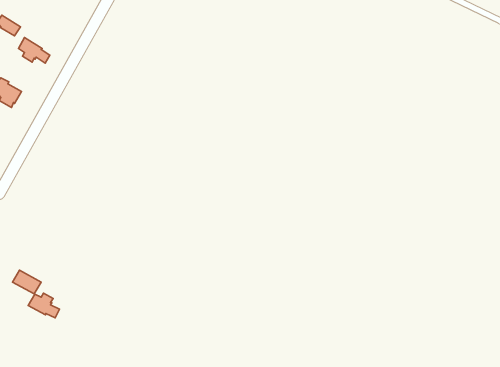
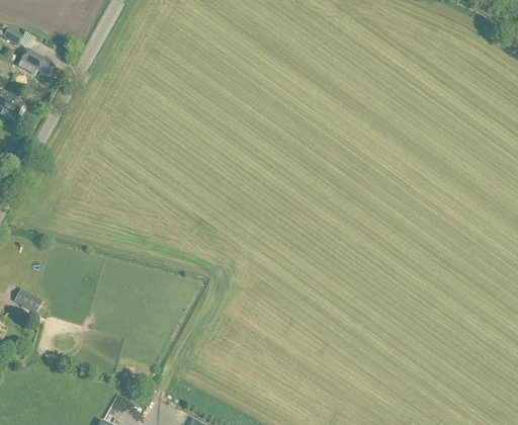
building: [28,293,60,318] -> none

